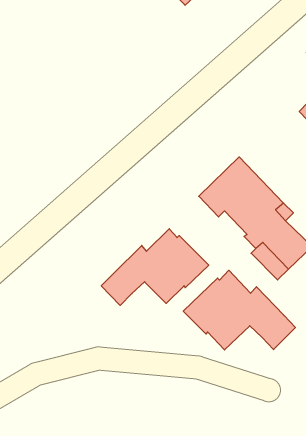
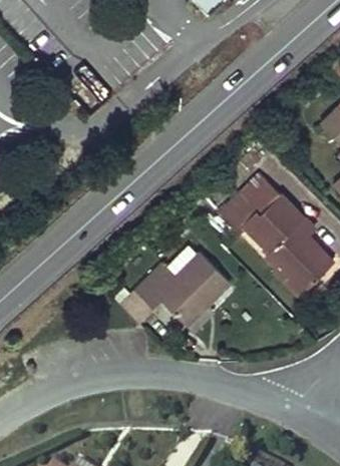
building: [183,270,295,350] -> none

